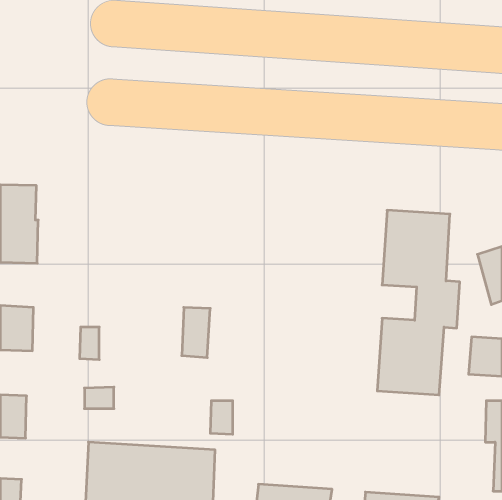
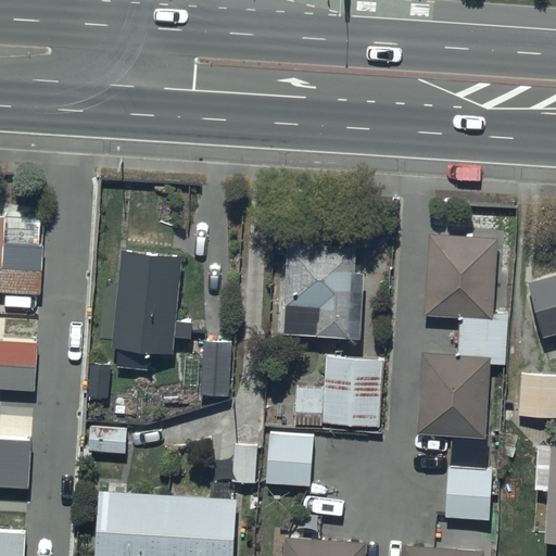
building: none -> [282,243,365,338]
building: none -> [112,250,193,369]
building: none -> [294,357,382,428]
building: none -> [268,432,314,486]
building: none -> [445,468,493,520]

